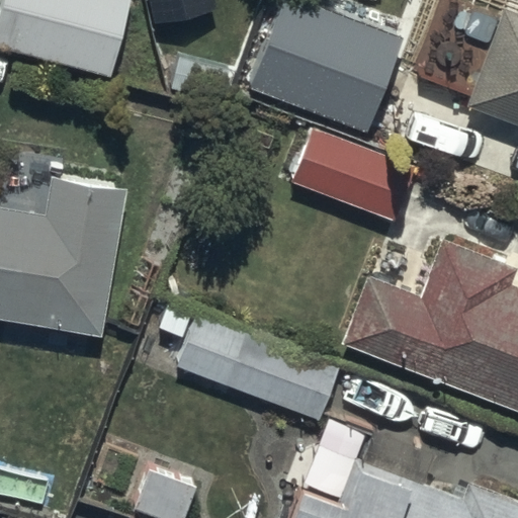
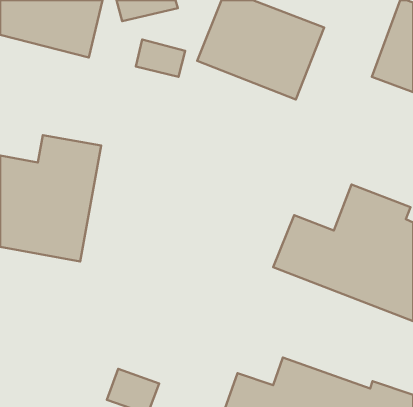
building: [292,128,411,218] -> none
building: [174,314,340,426] -> none

